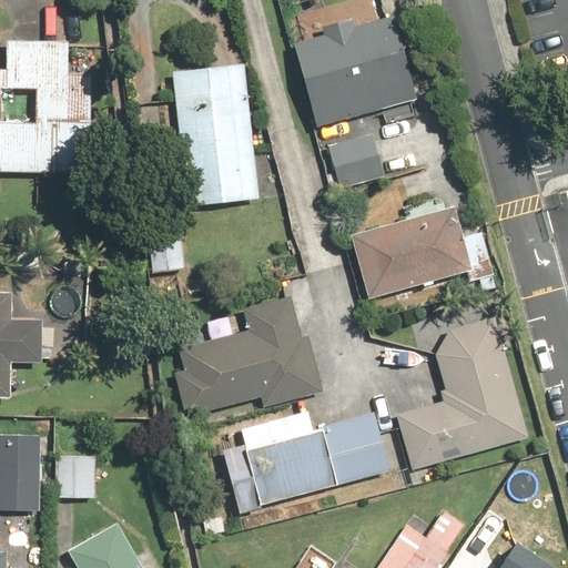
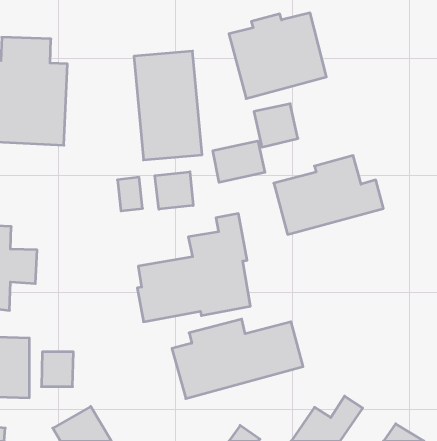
building: none -> [213,141,265,182]
building: none -> [155,172,193,209]
building: [392,316,529,470] -> none

